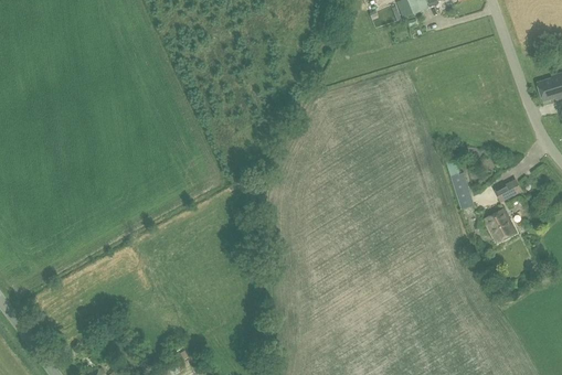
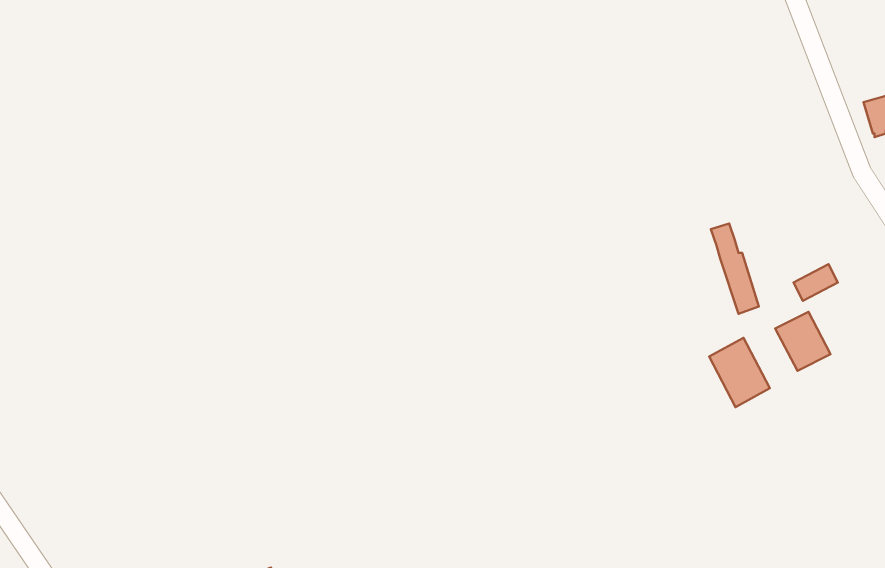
building: none -> [709,338,770,407]

